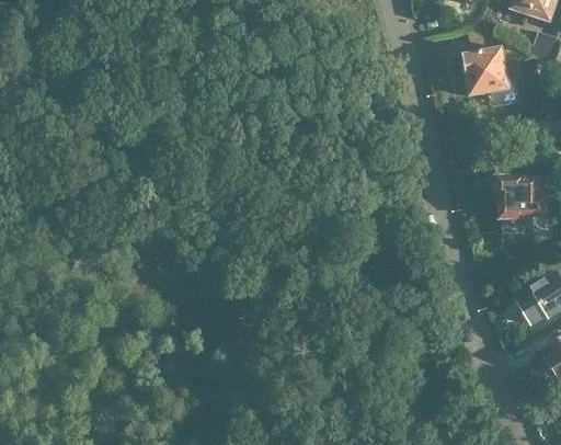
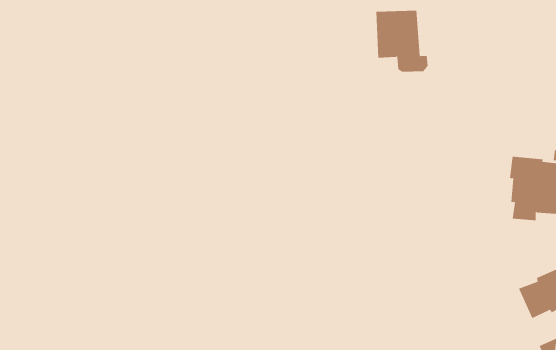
building: [461,46,517,105] -> [375,10,429,72]

